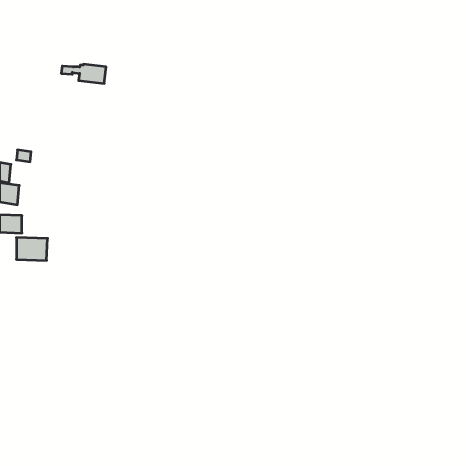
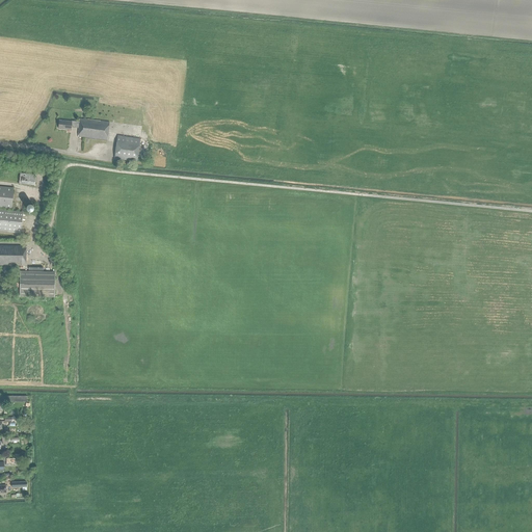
building: [61,64,106,83] -> [57,117,108,139]
building: none -> [113,134,139,161]

